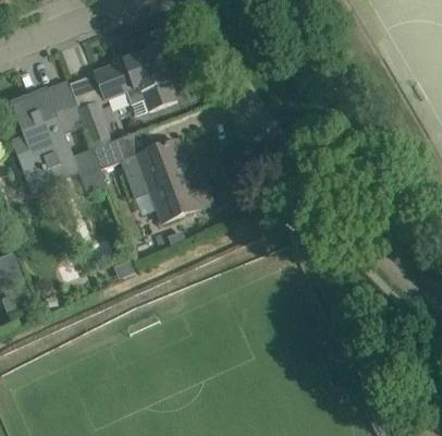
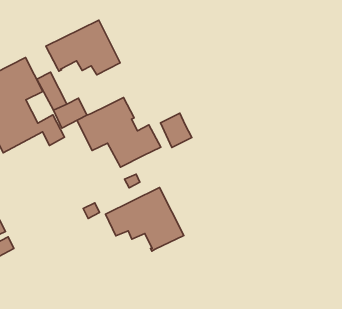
building: none -> [160,113,192,148]
building: none -> [105,187,184,251]

